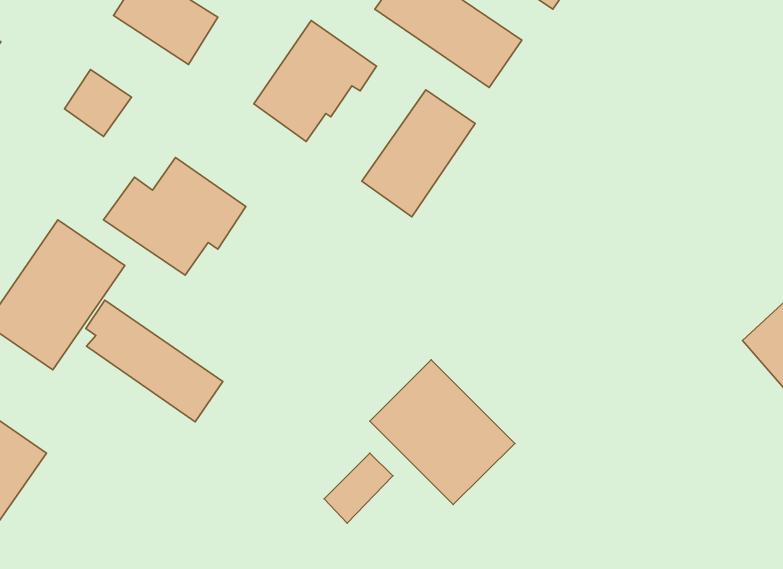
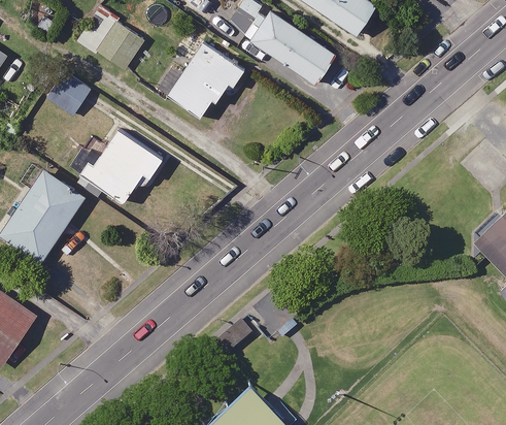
building: [362,90,475,217] -> none
building: [86,300,223,422] -> none
building: [370,360,515,504] -> none

